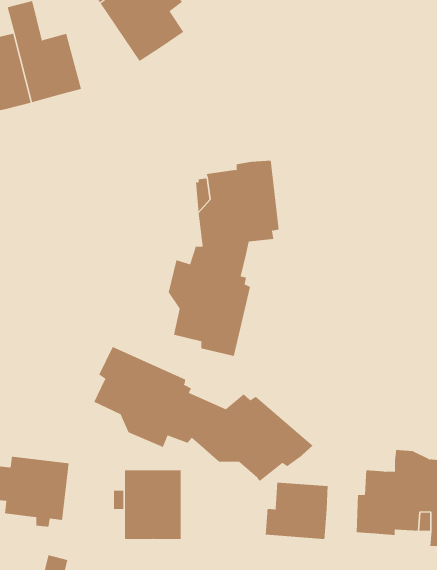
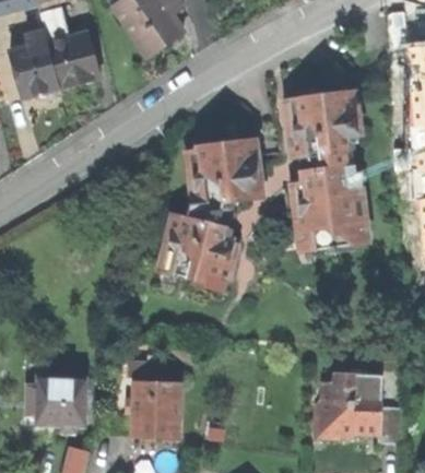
building: none -> [286,91,363,255]
building: [93,346,313,482] -> none
building: [265,482,328,540] -> none

